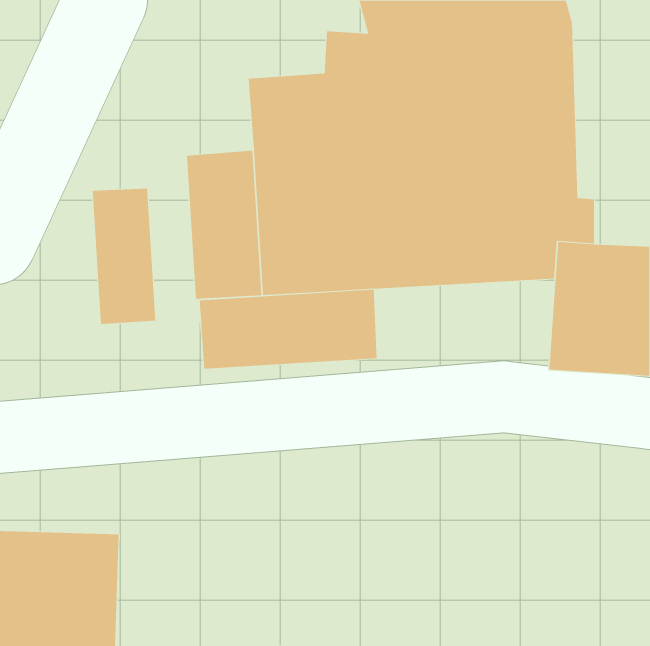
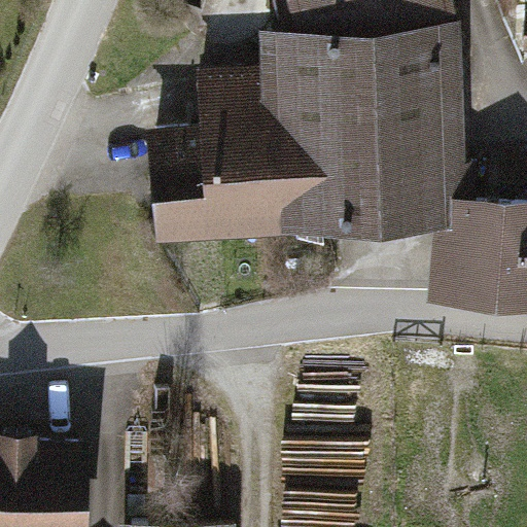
building: [92,188,156,325] -> none
building: [199,289,377,370] -> none

